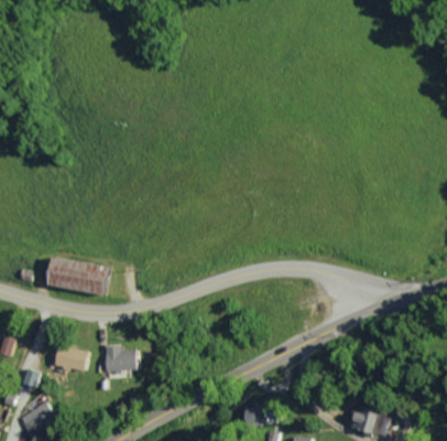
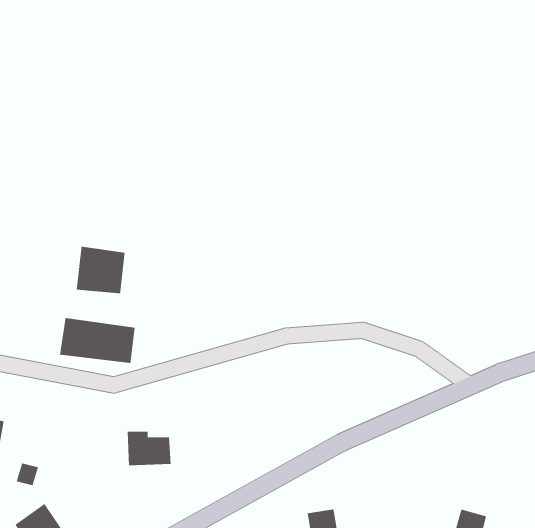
building: none -> [76,246,125,294]
building: [54,345,88,372] -> none

